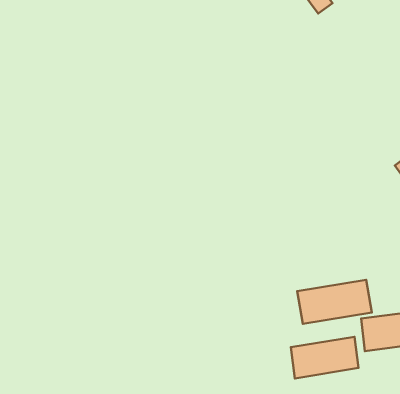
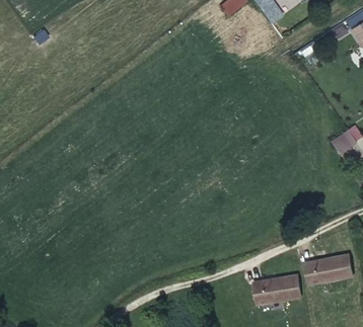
building: [297,280,372,324] -> none

